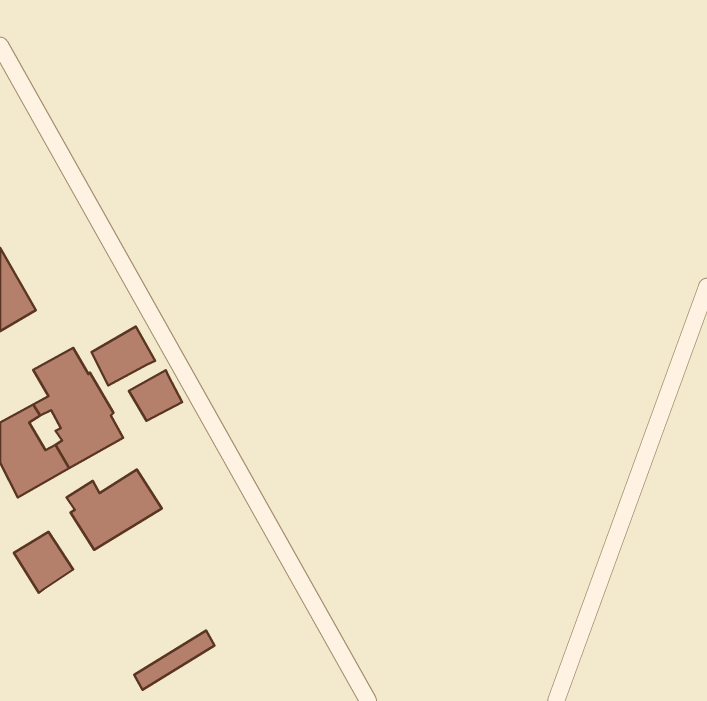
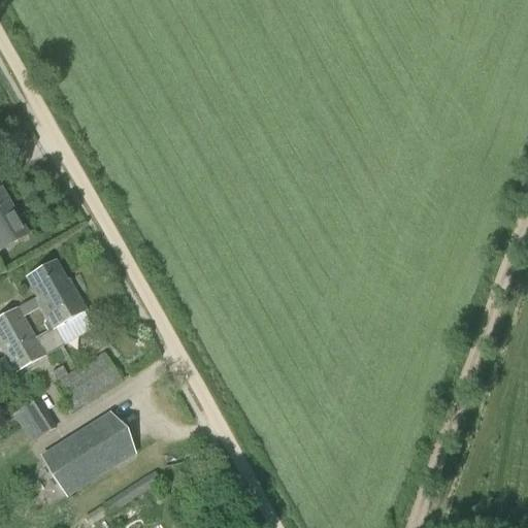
building: [92,326,155,385] -> none
building: [129,370,182,421] -> none
building: none -> [45,417,128,488]

